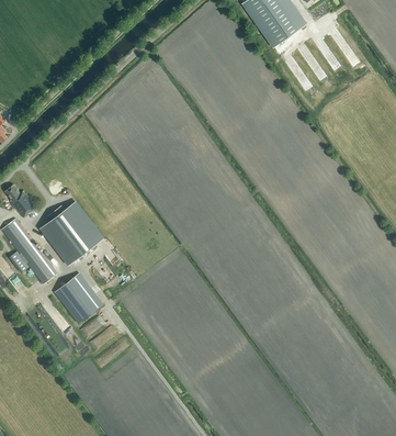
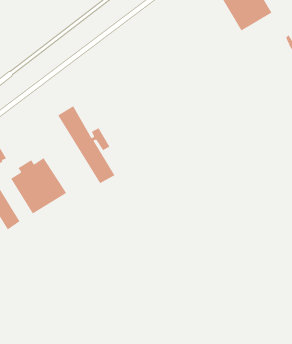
building: none -> [57,105,116,184]
building: [54,273,103,324] -> none

